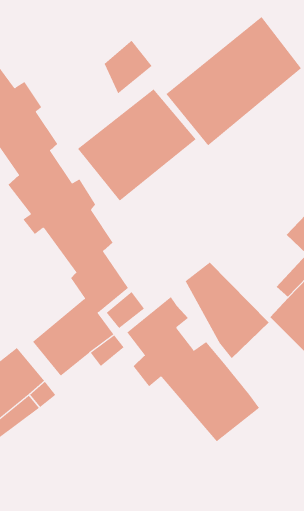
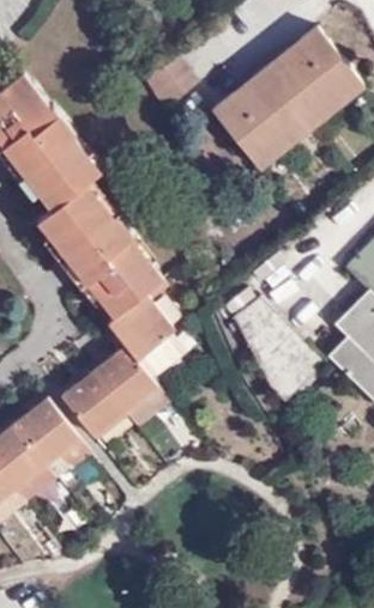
building: [77,89,196,202] -> none
building: [127,296,260,442] -> none

